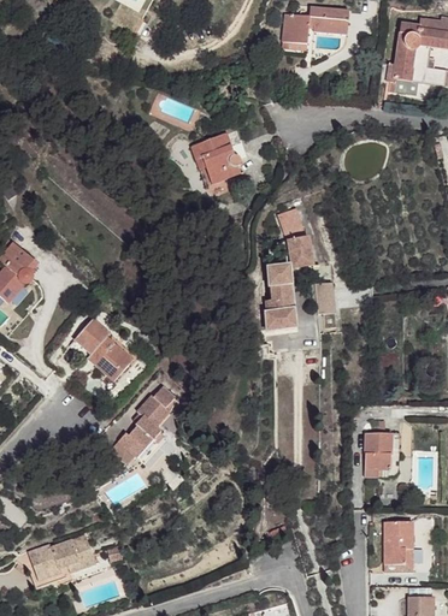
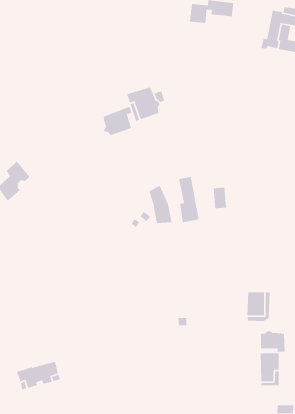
building: none -> [103,106,133,136]
building: [278,208,313,265] -> [149,185,172,224]
building: [72,319,130,381] -> none
building: [119,386,172,457] -> none
building: none -> [260,330,286,352]

